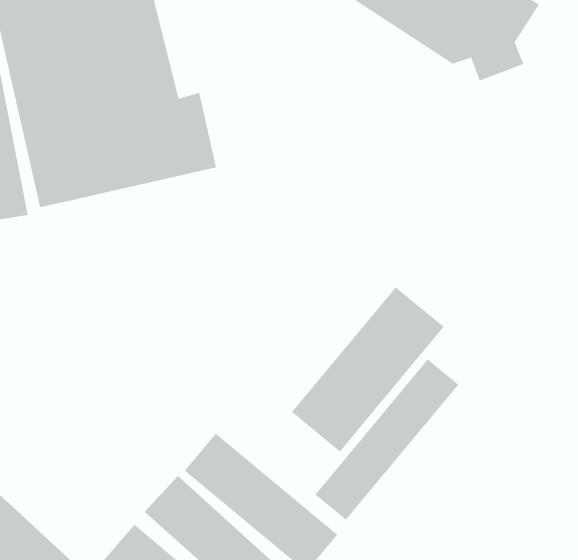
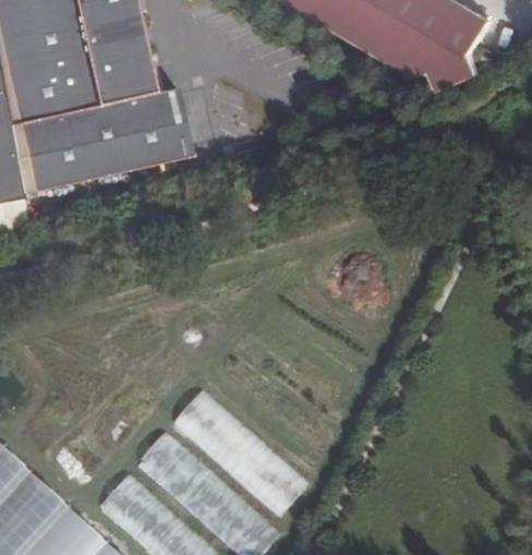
building: [291,286,444,452] -> none
building: [315,359,459,521] -> none

